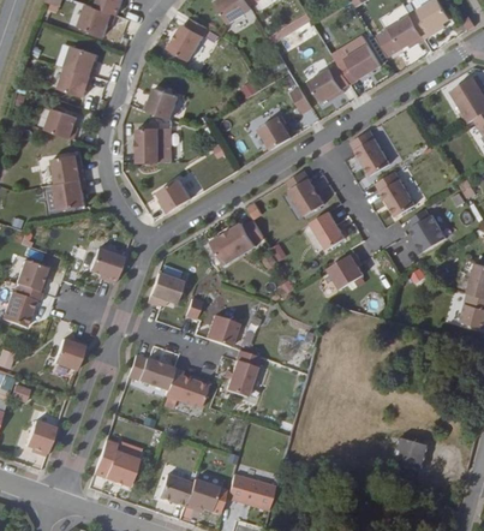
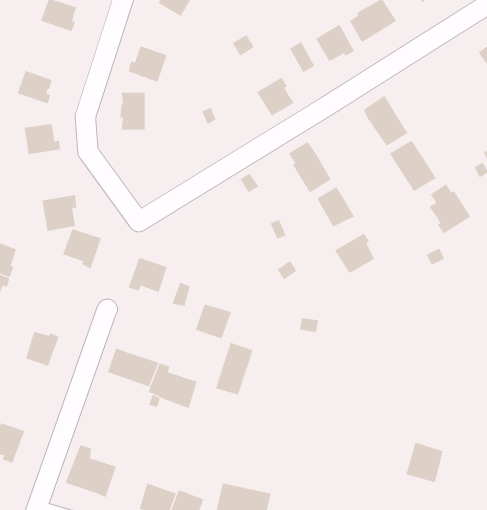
building: [61,66,95,95] -> none
building: [55,179,86,211] -> [42,195,77,232]
building: [157,179,189,213] -> none
building: [210,220,262,264] -> none

